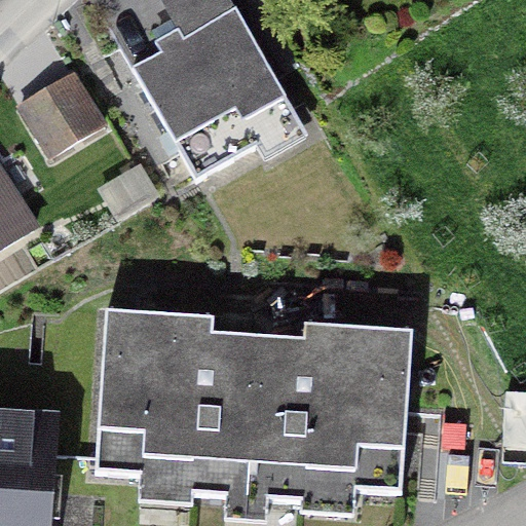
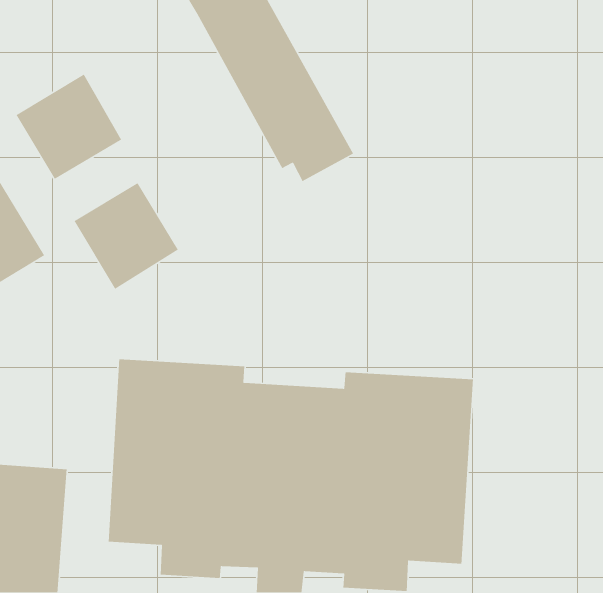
building: [129,12,245,176] -> none
building: none -> [74,182,179,290]

